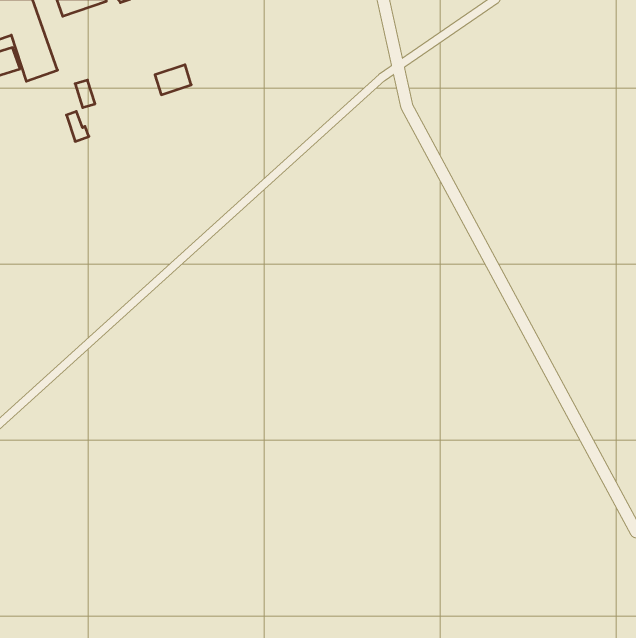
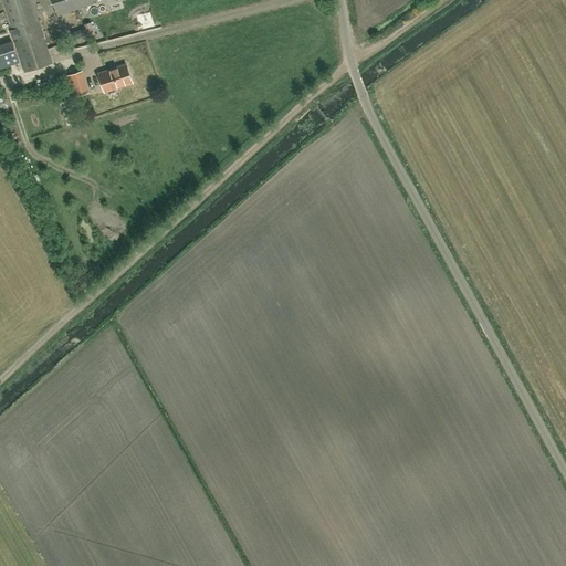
building: [155,65,191,95] -> [97,63,129,90]

